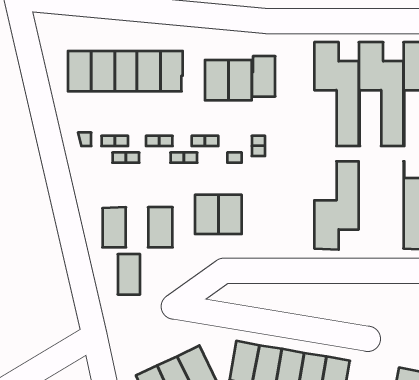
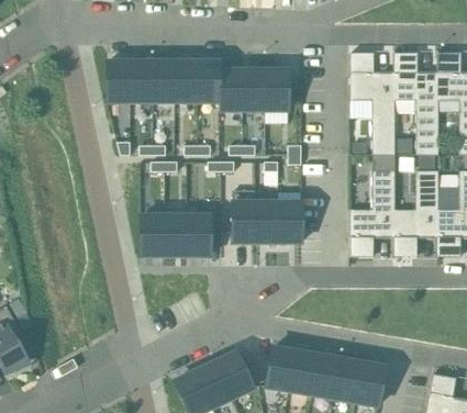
building: [252,56,275,96] -> [219,70,242,110]
building: none -> [393,170,437,257]
building: none -> [278,203,301,242]
building: [118,254,140,294] -> [164,215,186,255]

